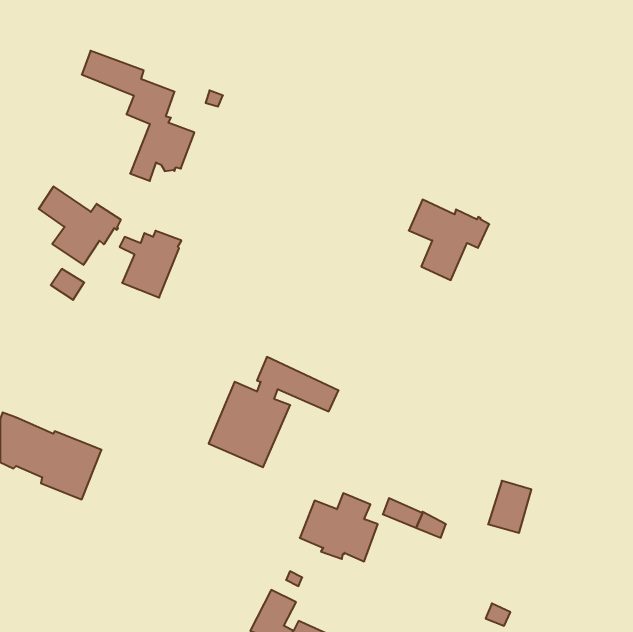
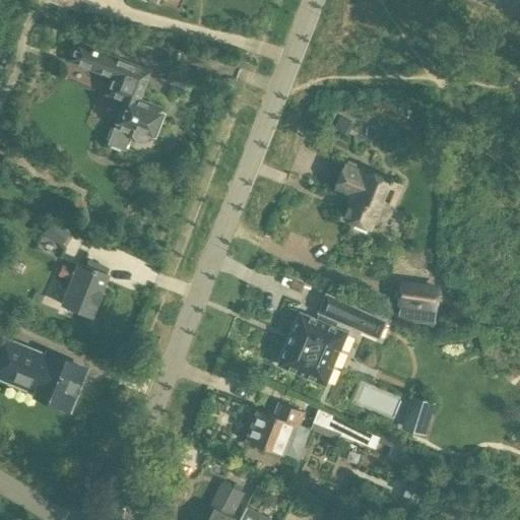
building: [39,186,121,265] -> none
building: [120,231,181,298] -> [57,261,108,316]
building: none -> [397,280,440,312]
building: [209,357,339,467] -> [280,295,387,385]

